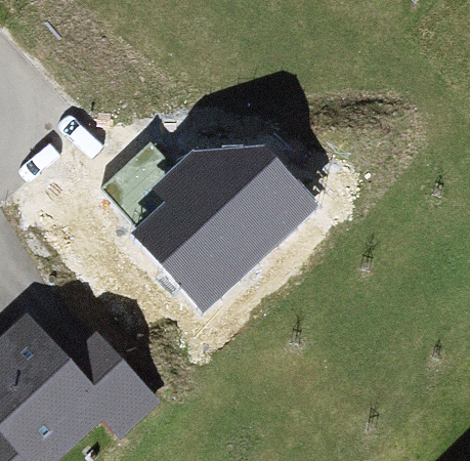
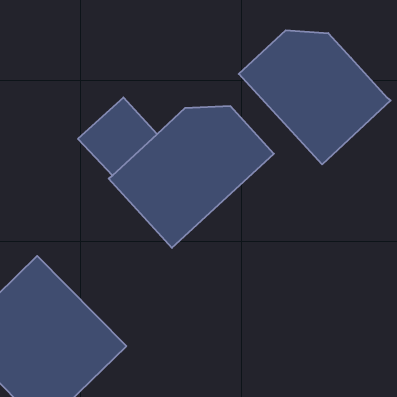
building: none -> [239,30,391,164]

